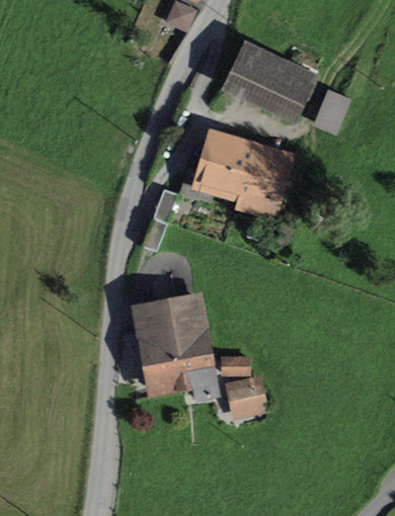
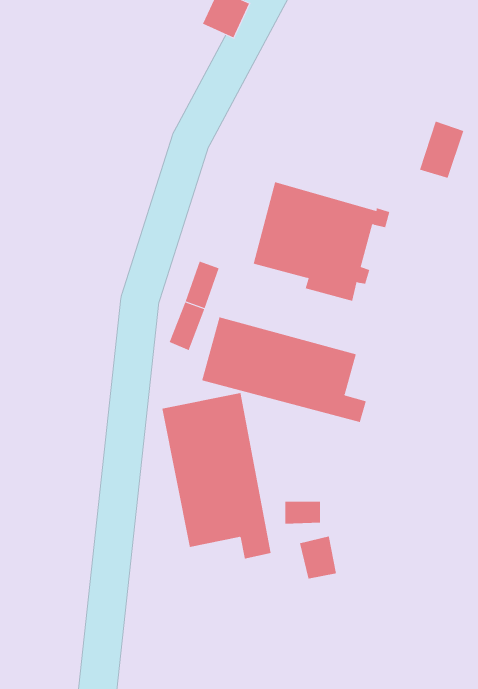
building: [227,48,310,117] -> none
building: none -> [201,316,367,423]

